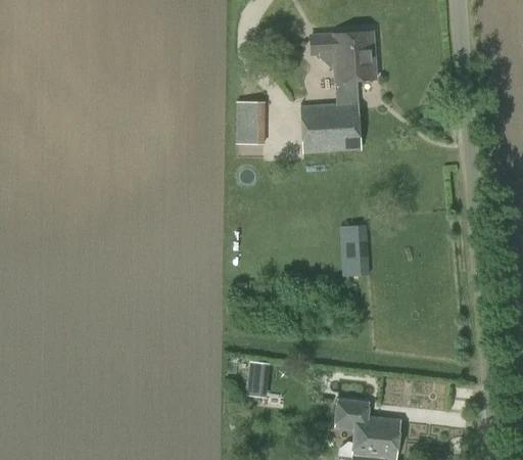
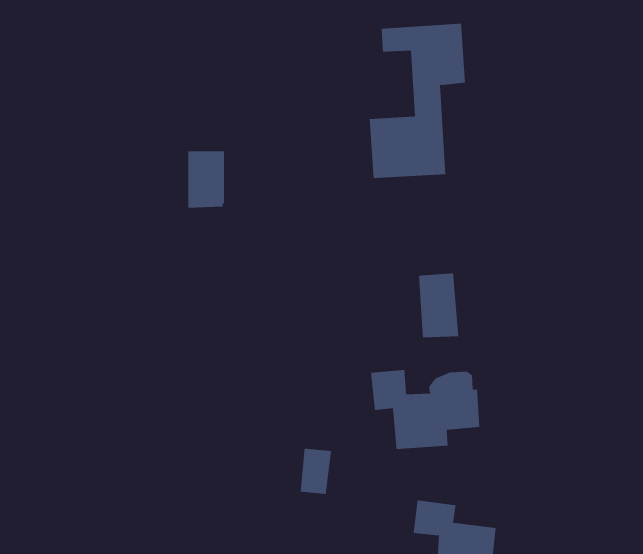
building: [236,102,265,146] -> [188,151,225,208]
building: none -> [371,369,480,450]

